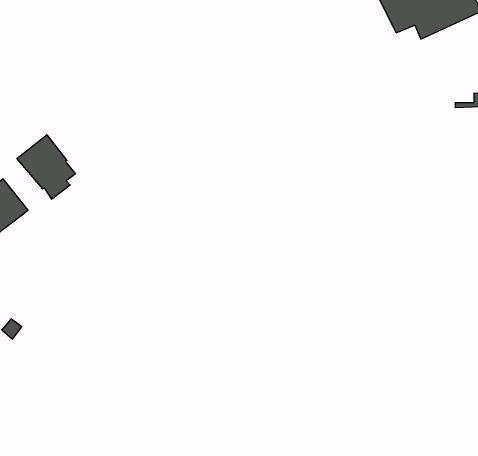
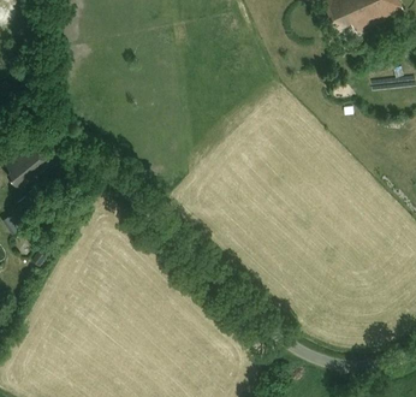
building: [17,135,75,199] -> none

